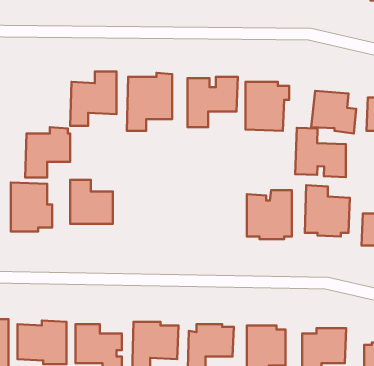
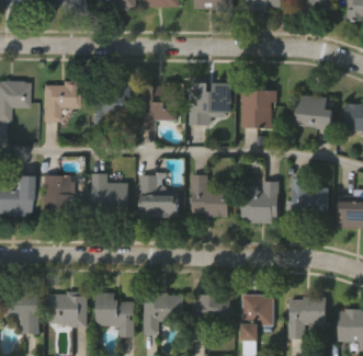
building: [25,127,70,177] -> [42,79,80,122]
building: [295,128,346,177] -> none
building: none -> [141,172,181,219]
building: none -> [193,174,231,217]

